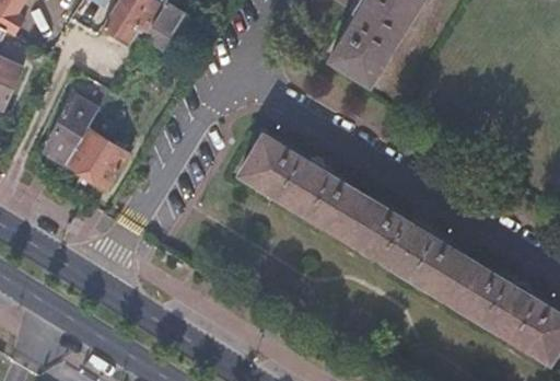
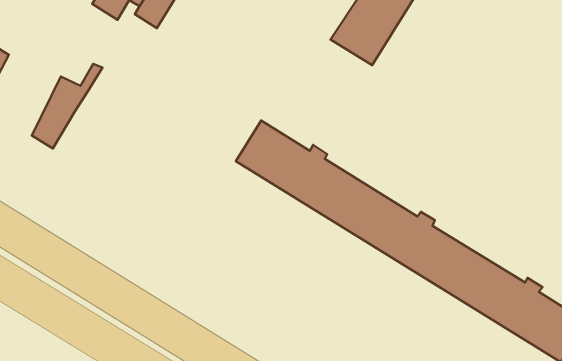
building: [67,127,130,188] -> none

